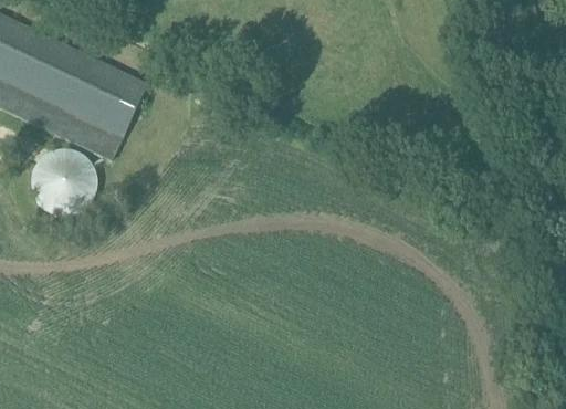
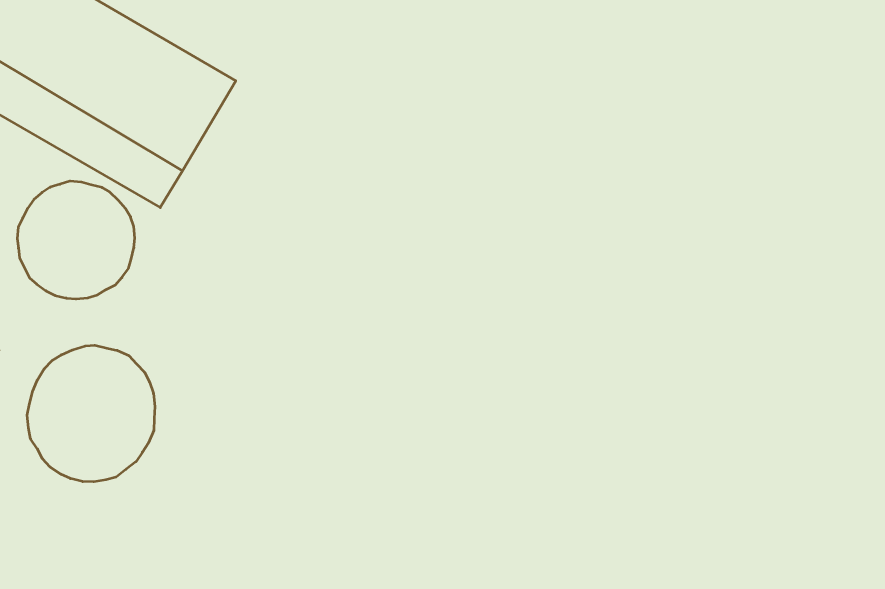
building: none -> [27,345,155,482]

